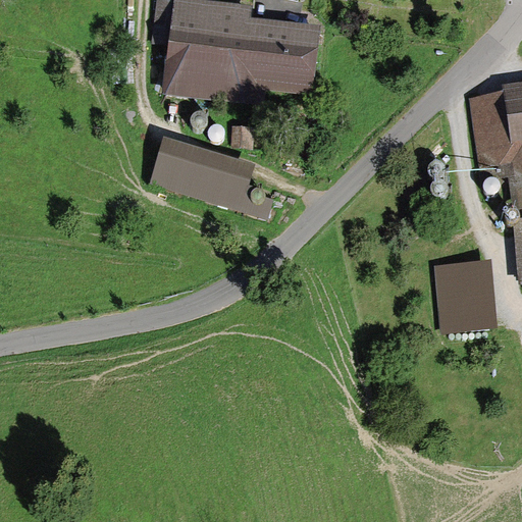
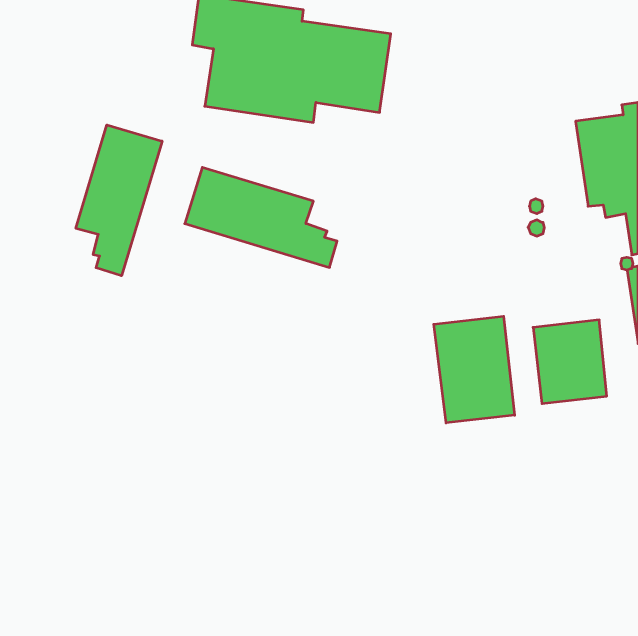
building: none -> [76,125,162,276]
building: none -> [434,316,515,423]

